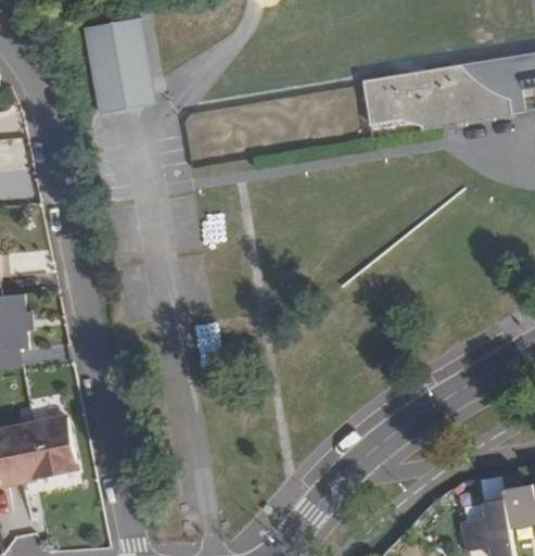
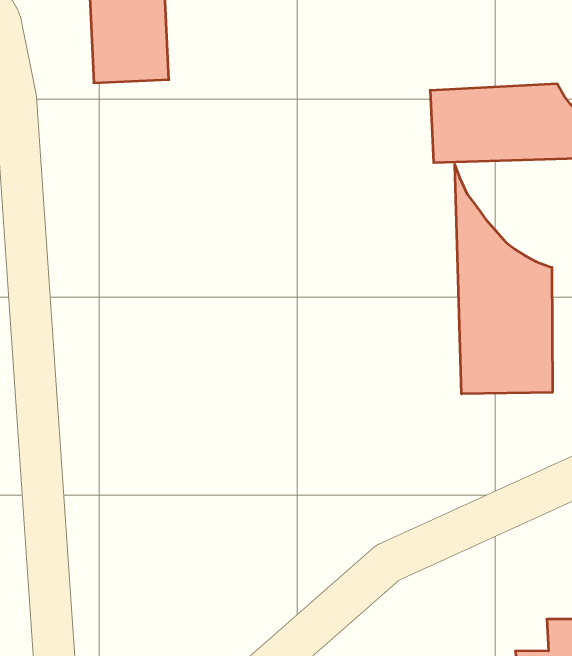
building: none -> [455,165,552,394]

